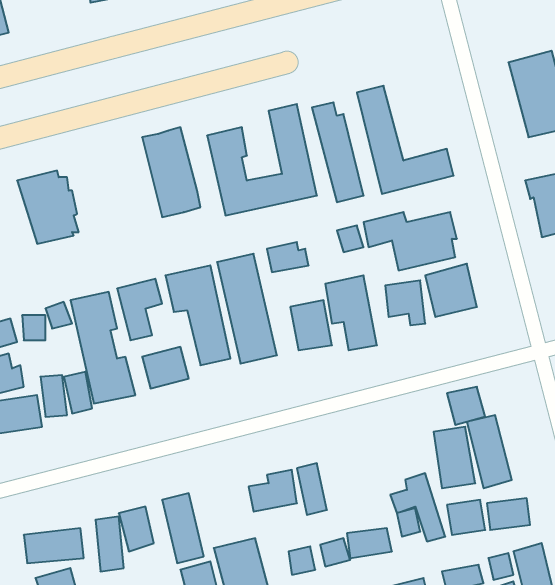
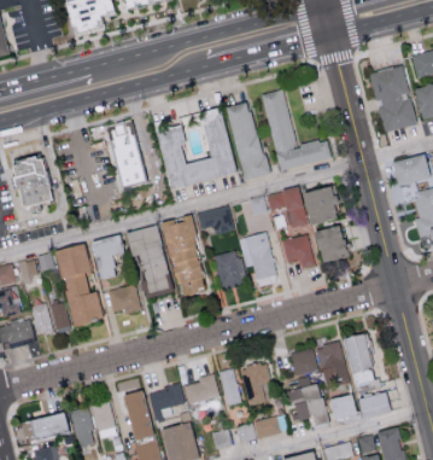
building: [447,387,485,425] -> [291,348,318,375]
building: none -> [241,362,271,406]
building: none -> [150,385,185,420]

